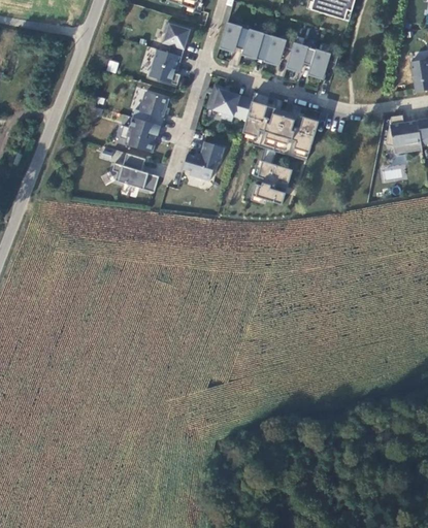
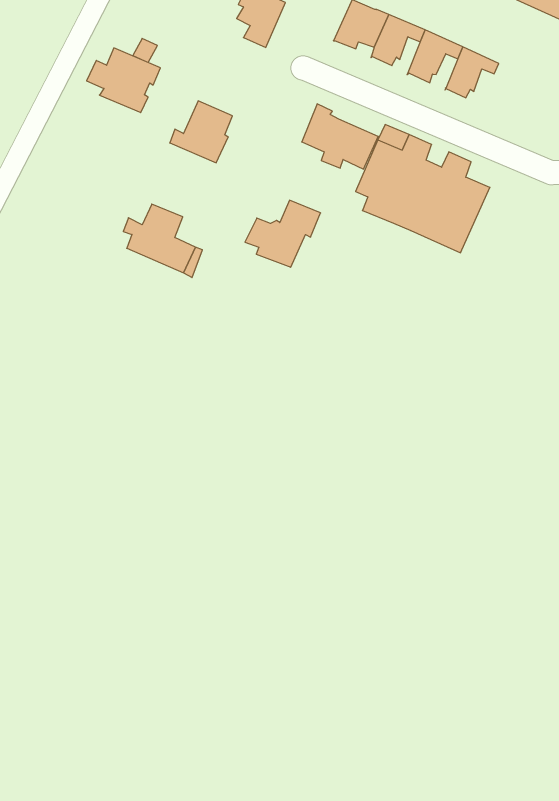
building: [149,48,180,85] -> none
building: [307,50,337,77] -> none
building: [119,117,160,152] -> [87,48,160,113]
building: [251,153,292,204] -> none

